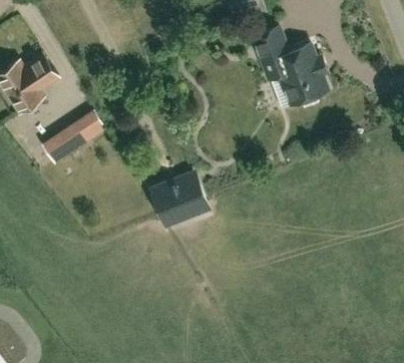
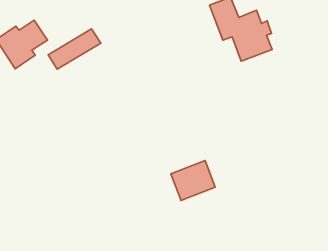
building: [42,113,105,161] -> [48,29,101,69]
building: [151,174,205,223] -> [171,160,215,201]

